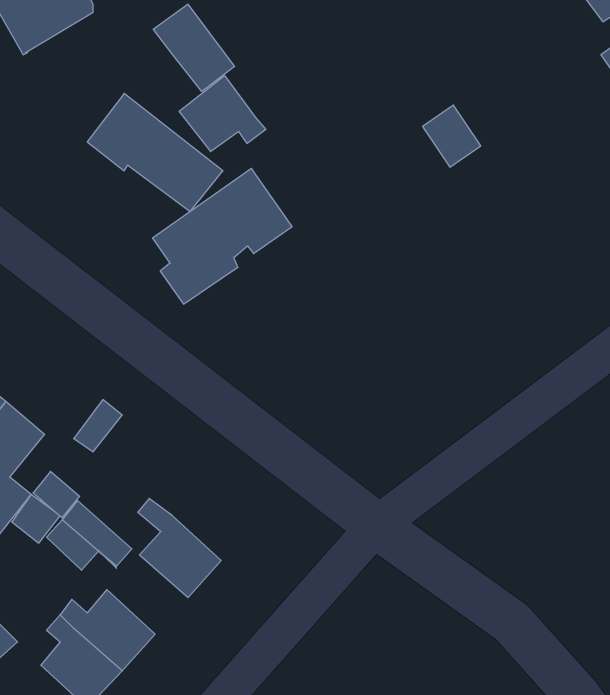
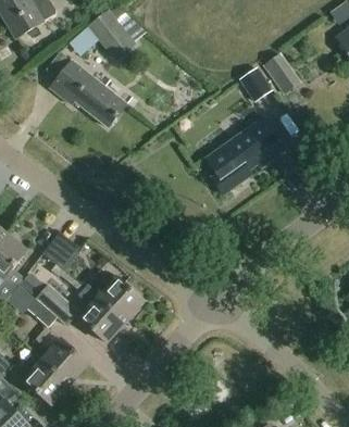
building: [179,75,266,152] -> none
building: none -> [263,51,300,91]
building: [153,168,292,304] -> [204,118,283,194]
building: none -> [85,276,144,322]

